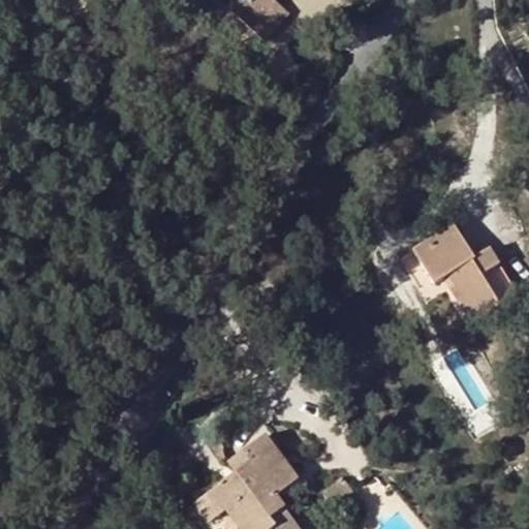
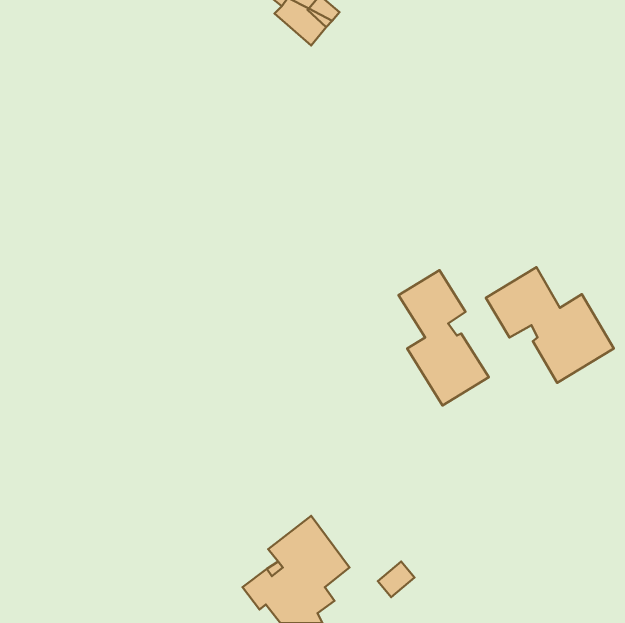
building: none -> [398,270,489,405]

